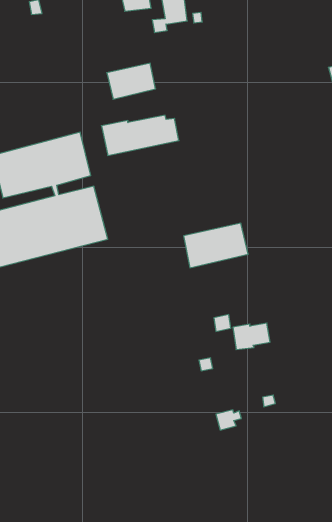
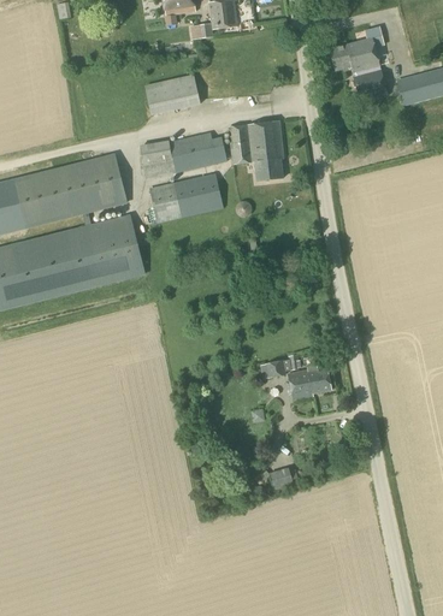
building: none -> [329,37,388,102]
building: none -> [228,120,283,179]
building: [184,223,248,268] -> [149,172,223,223]

